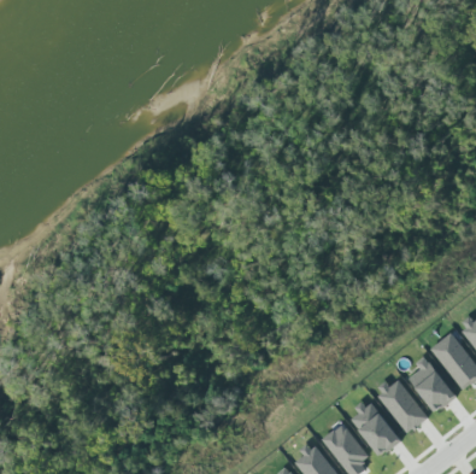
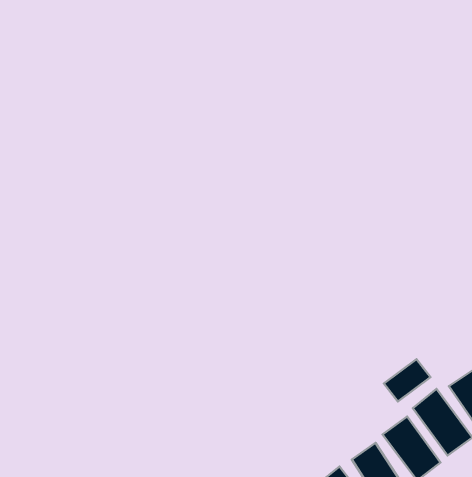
building: none -> [384,359,430,401]

